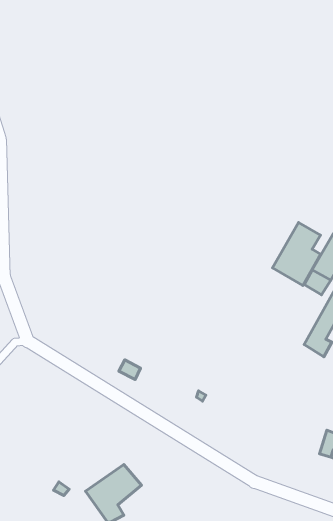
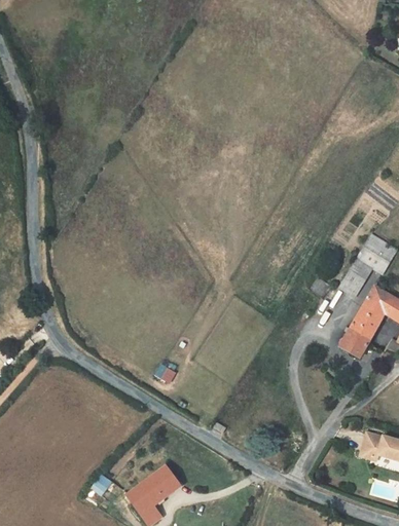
building: [273,222,321,286] -> none

